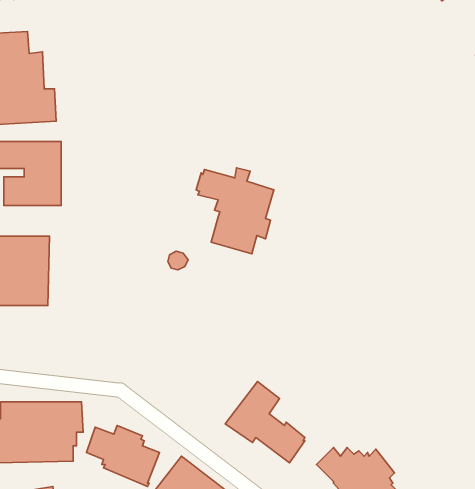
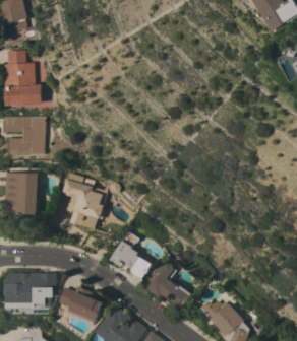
building: [196,168,274,254] -> [61,179,108,230]
building: none -> [111,232,153,280]

